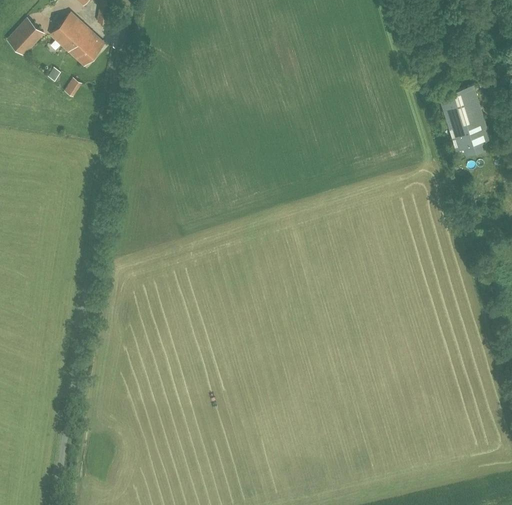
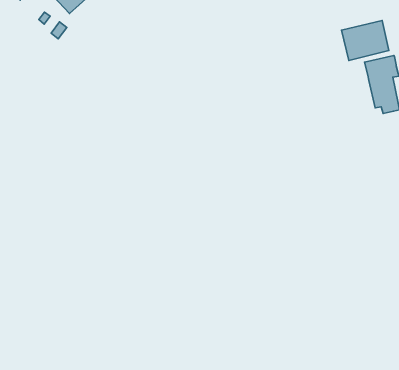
building: none -> [341,21,389,61]

